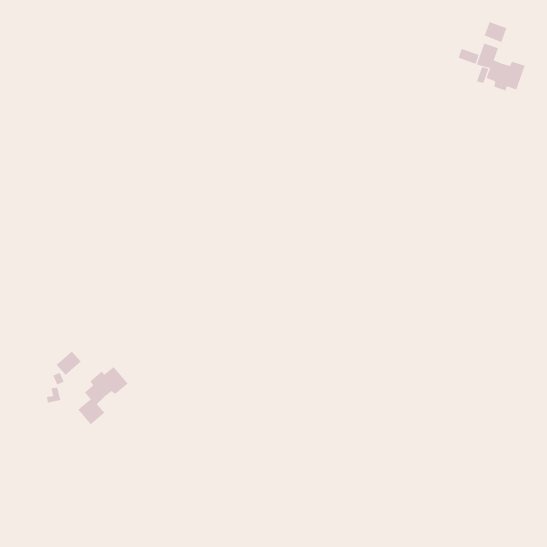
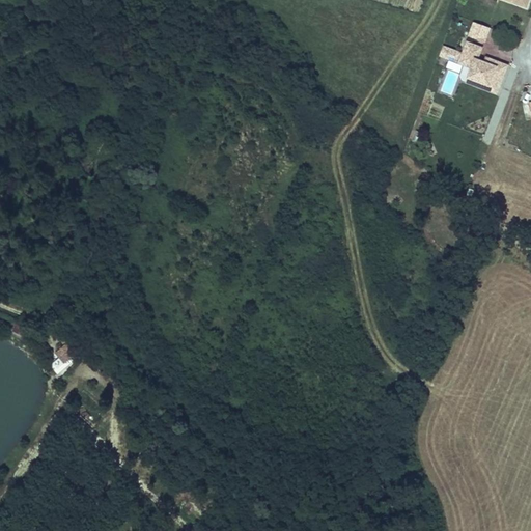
building: [78,366,128,425] -> none

